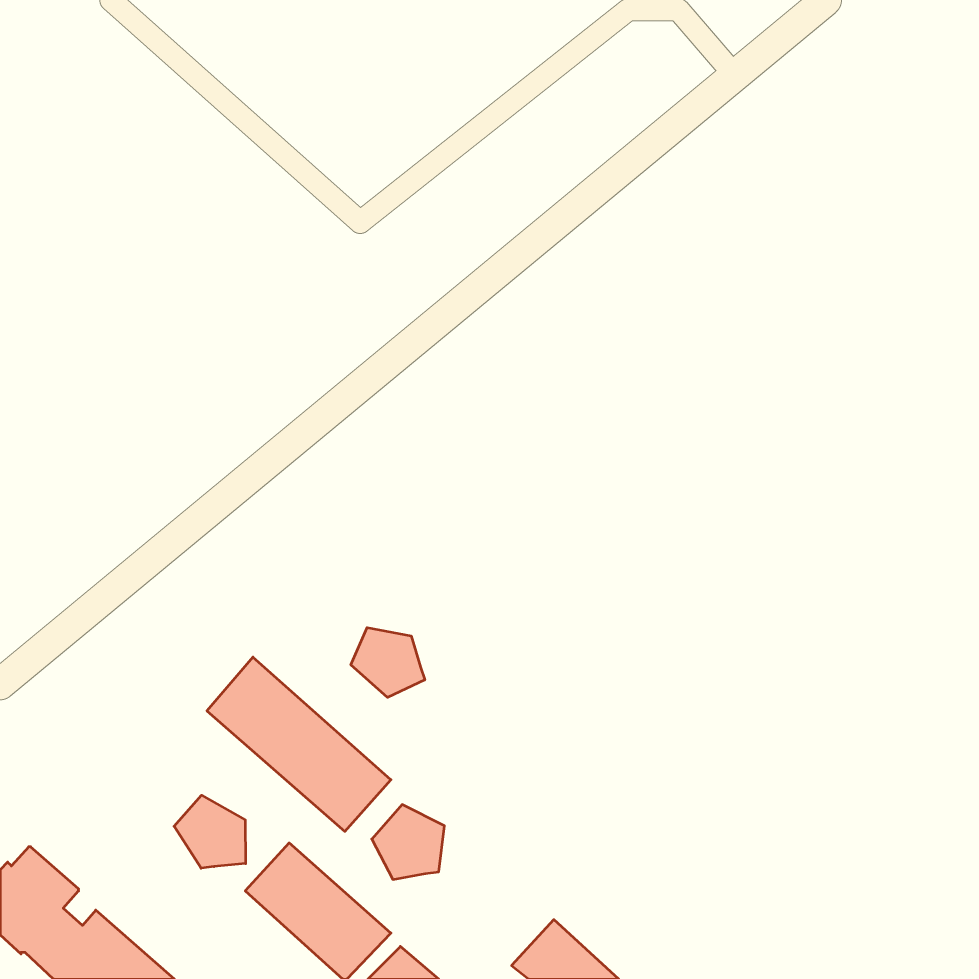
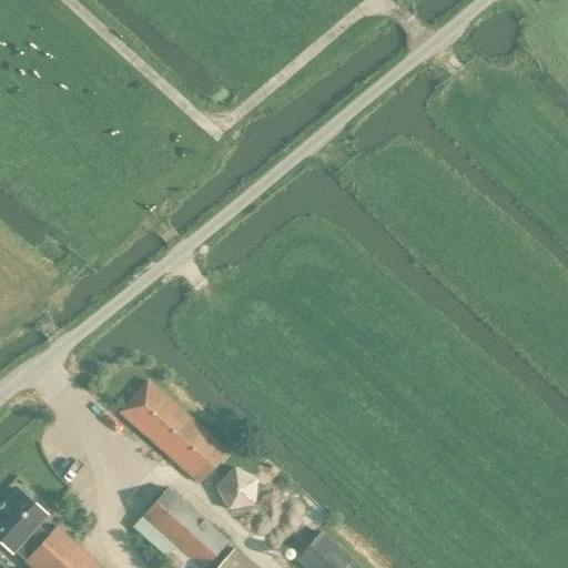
building: [351,628,425,697] -> none
building: [174,795,246,868] -> none

